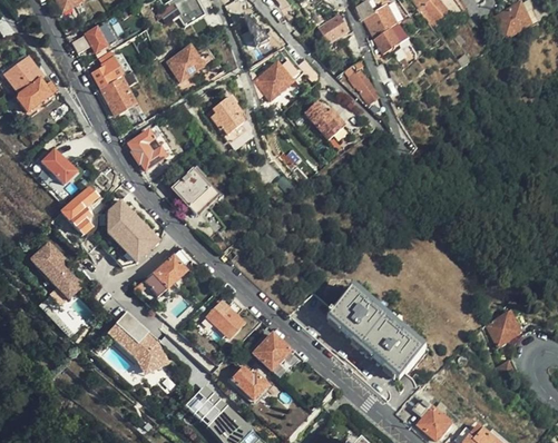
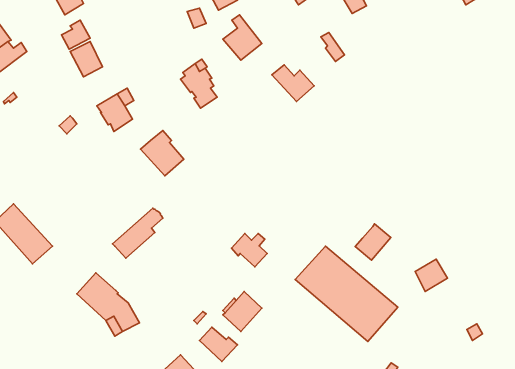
building: [167,46,202,79] -> none
building: [42,145,79,181] -> none
building: [61,186,97,236] -> none
building: [94,199,155,262] -> none
building: none -> [355,224,391,260]
building: [208,302,244,335] -> [231,234,267,267]
building: [488,313,520,345] -> [415,259,447,292]

